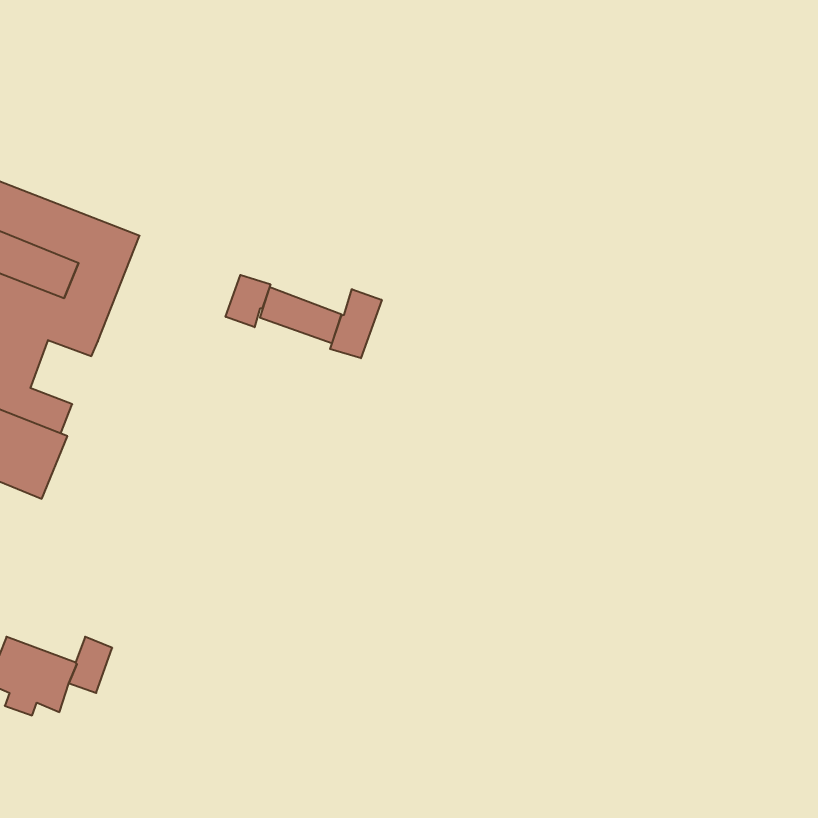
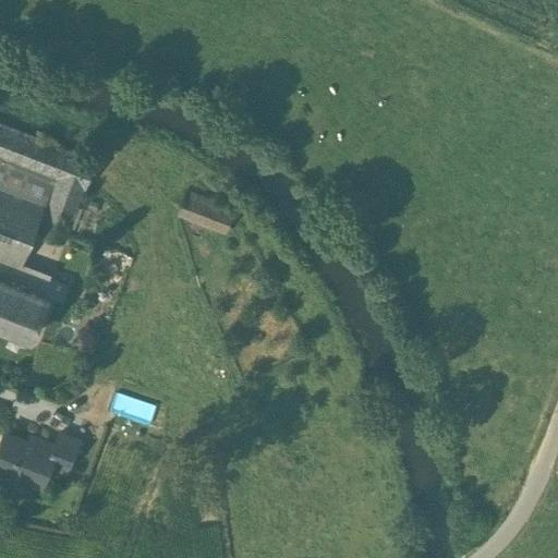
building: [226,275,270,327] -> none
building: [330,289,382,358] -> none

